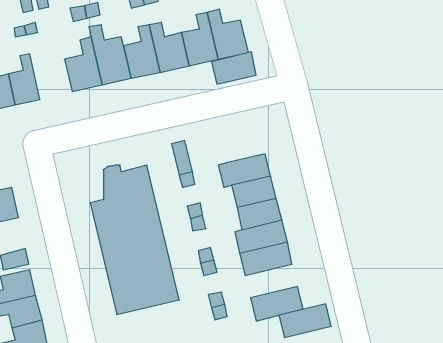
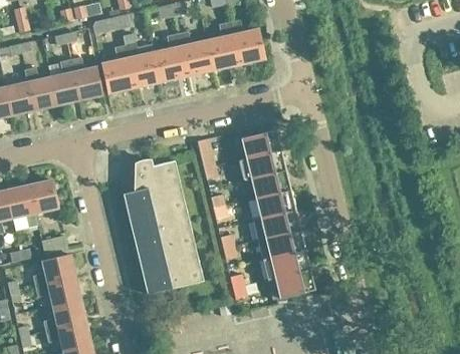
building: none -> [68,56,101,100]
building: [211,52,256,84] -> [240,128,280,157]
building: [279,304,331,337] -> [262,249,309,279]

